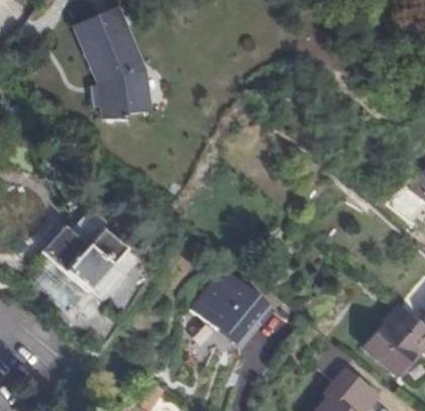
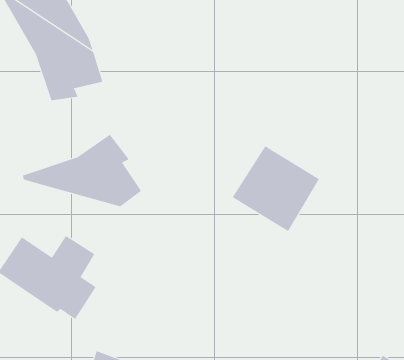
building: none -> [22,134,142,207]
building: [197,269,272,342] -> [232,146,320,232]

